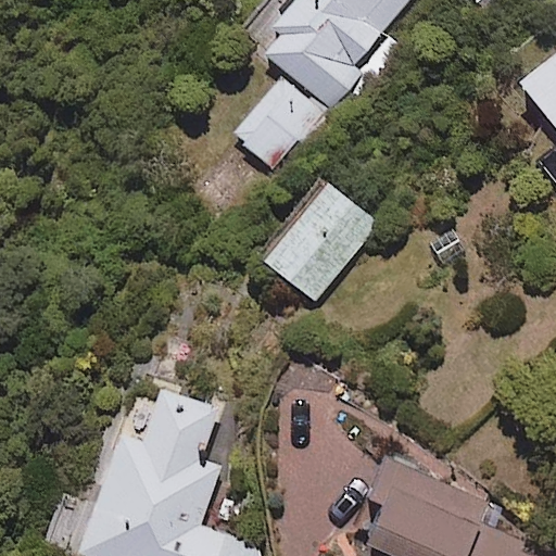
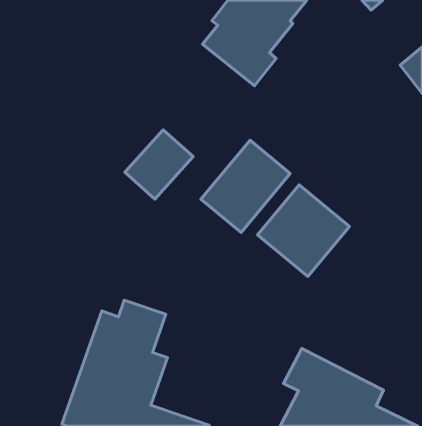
building: [231,80,320,170] -> [125,130,193,199]
building: none -> [258,185,349,277]

